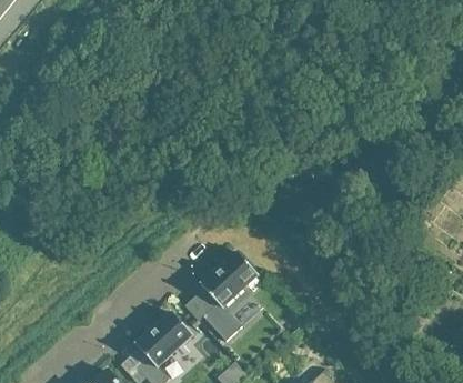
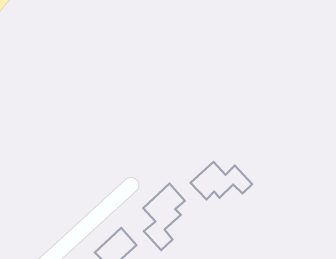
building: none -> [191,162,252,200]

